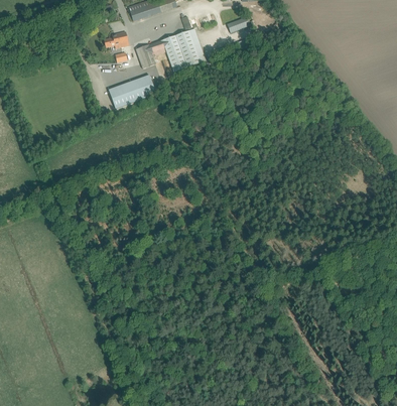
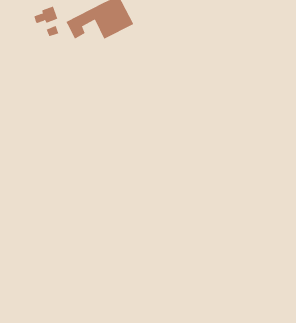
building: [109,75,156,109] -> none

